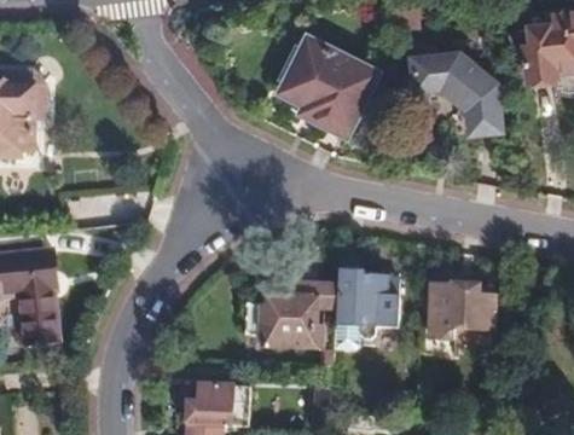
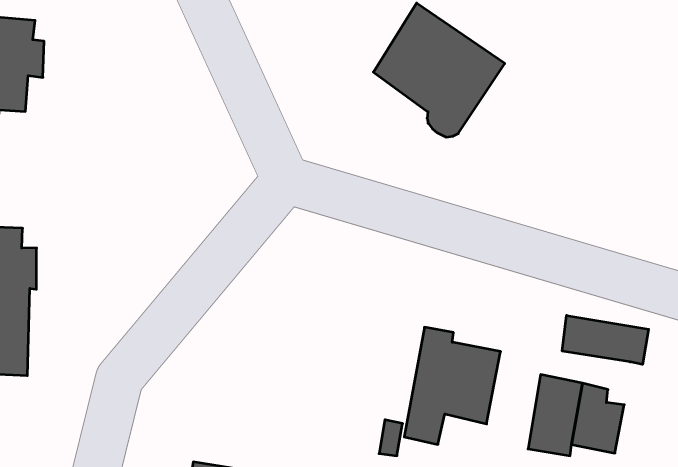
building: [411,52,499,130] -> none
building: none -> [562,315,649,364]
building: [245,286,337,341] -> none

